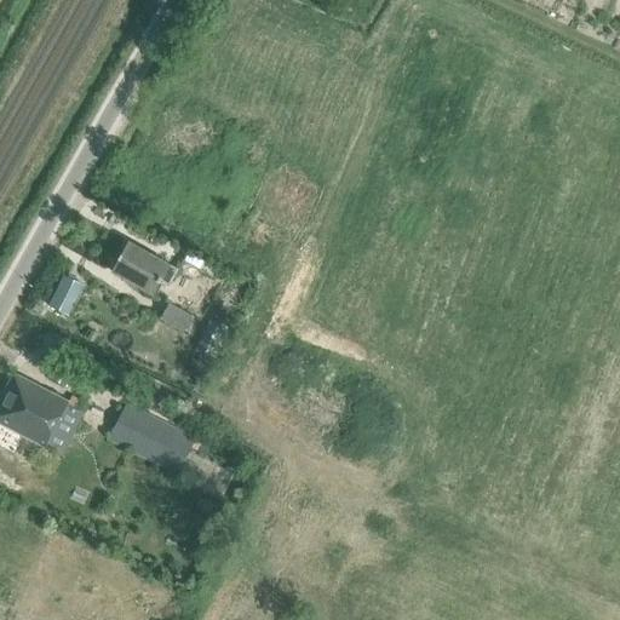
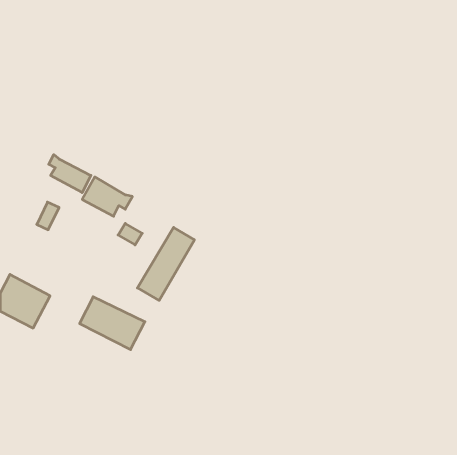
building: none -> [49,155,91,193]
building: none -> [137,227,194,300]

